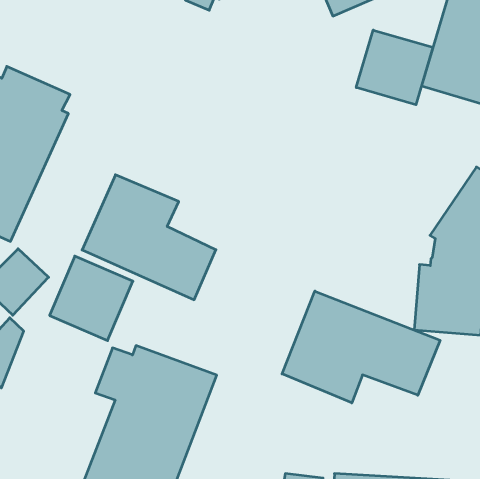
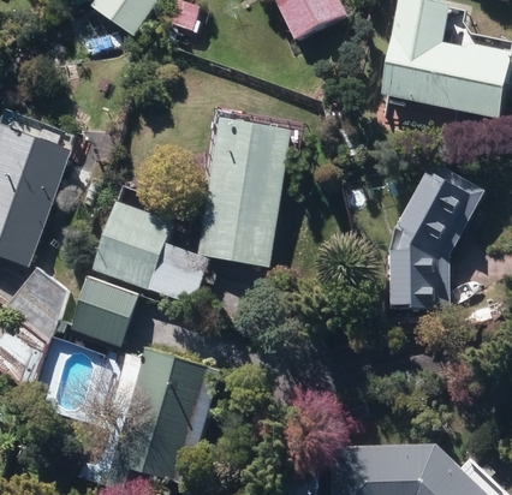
building: [356,30,433,105] -> none
building: none -> [197,113,291,262]
building: [282,291,440,403] -> none

